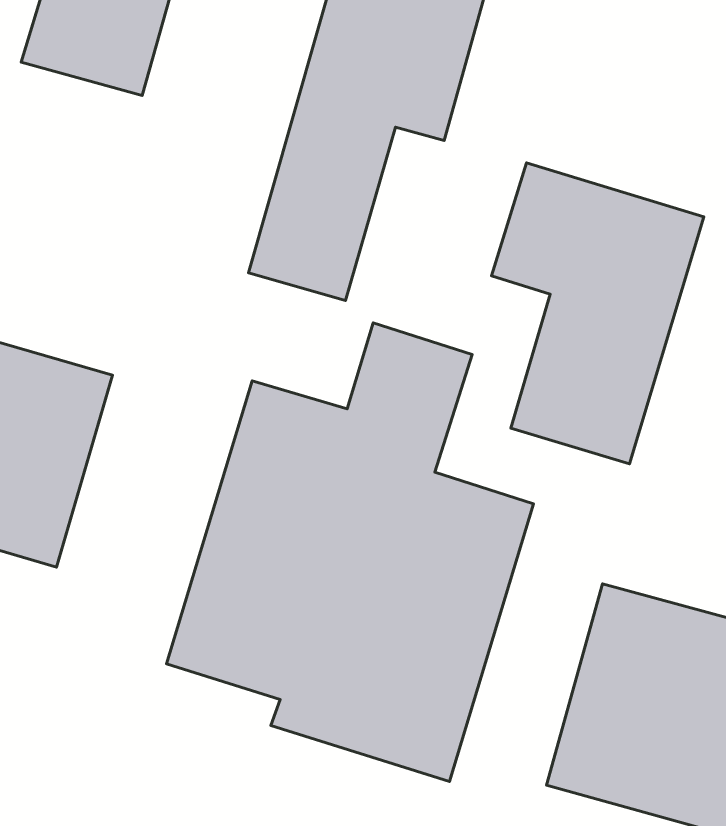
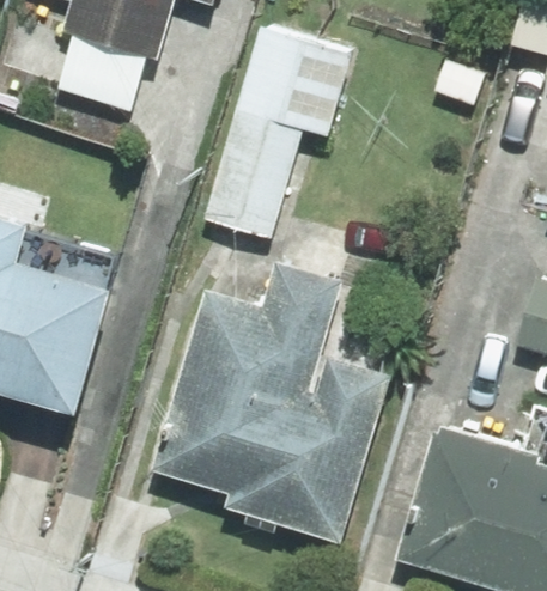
building: [491,163,704,464] -> none

